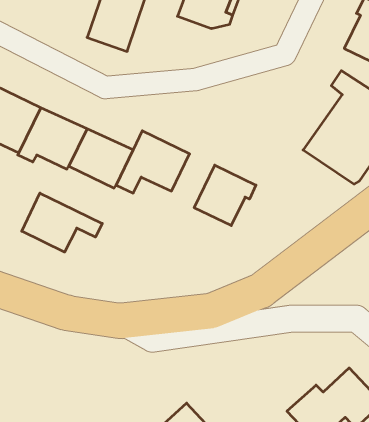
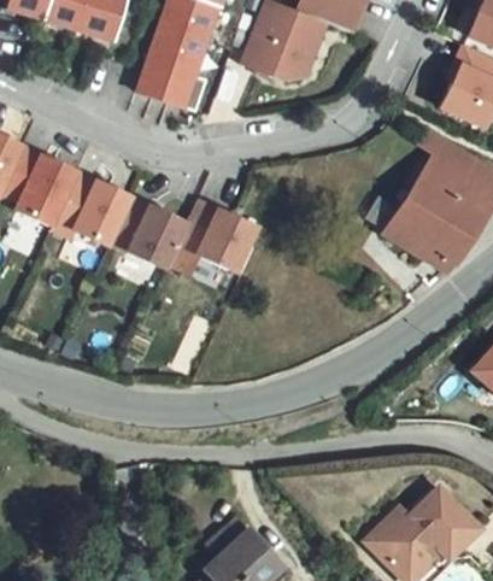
building: [194,165,256,226] -> none
building: [22,193,102,252] -> none

